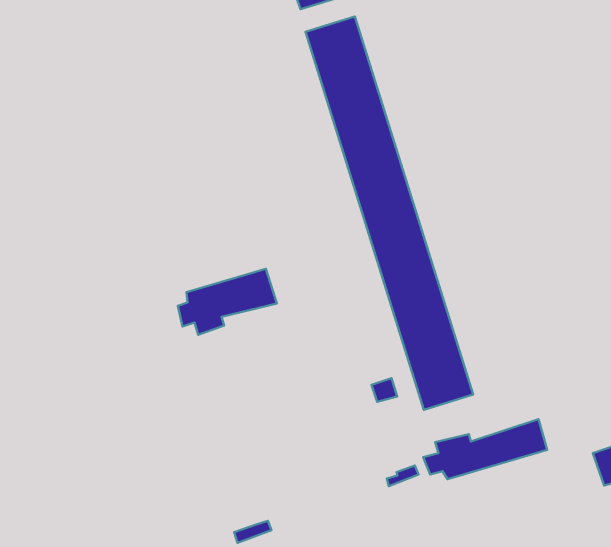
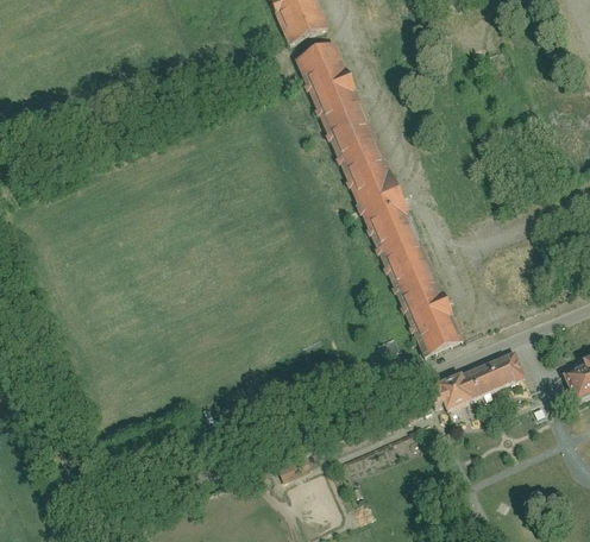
building: [178,269,277,335] -> none

